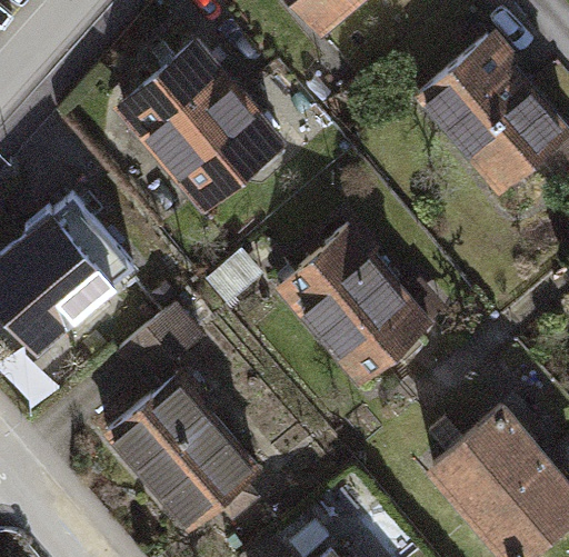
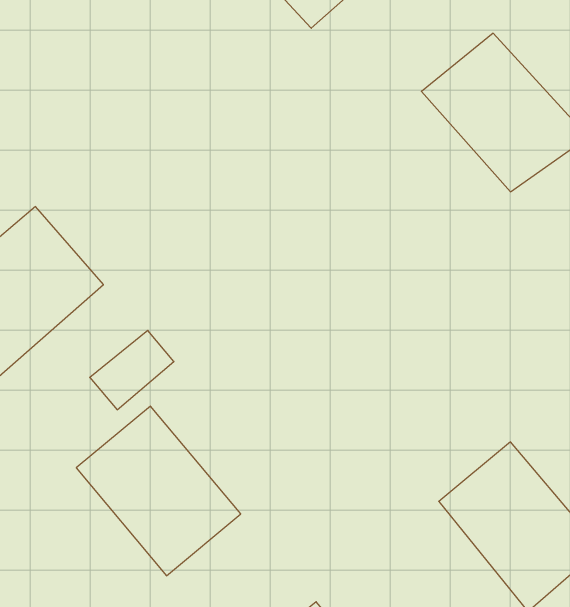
building: [123,42,280,202] -> none
building: [286,225,431,376] -> none

